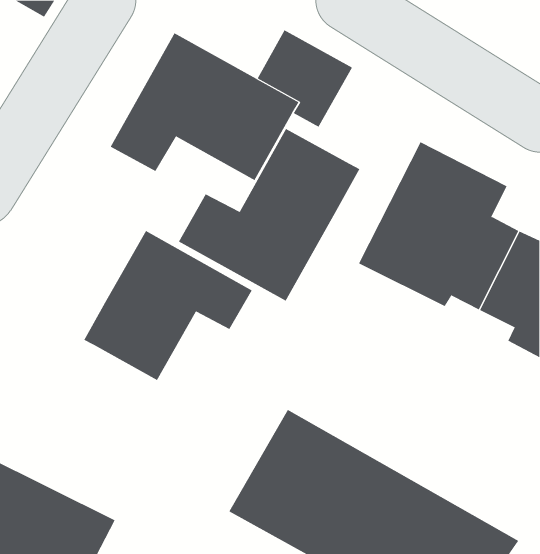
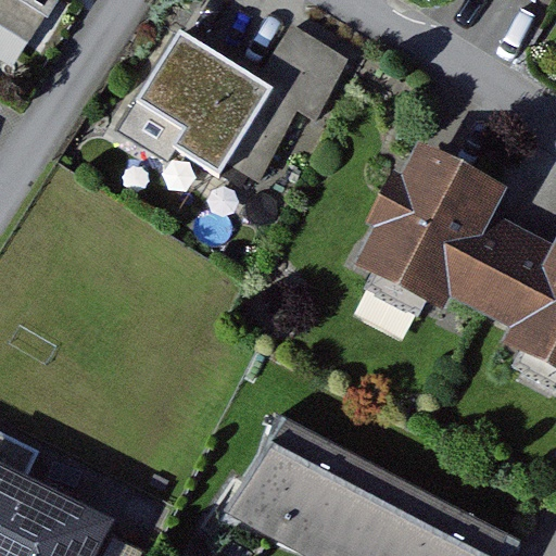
building: [178,128,360,301] -> none
building: [83,230,253,381] -> none

